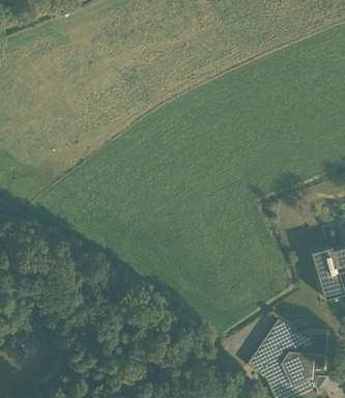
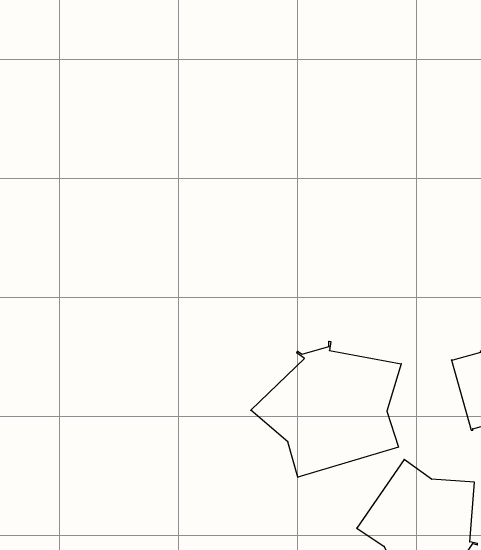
building: none -> [251,341,401,477]

